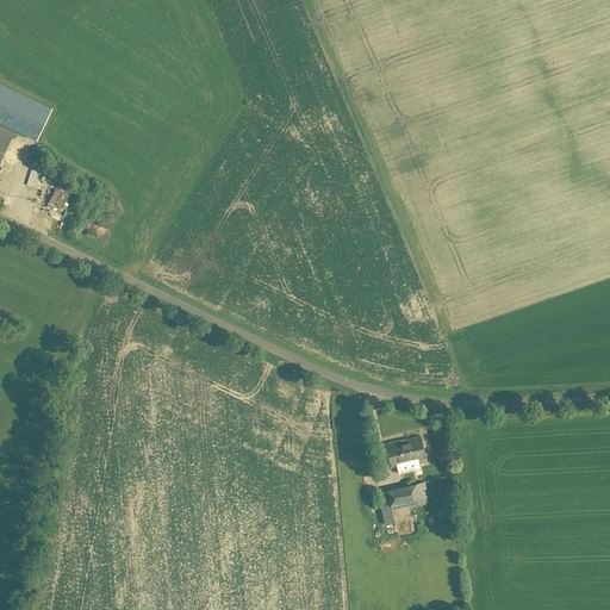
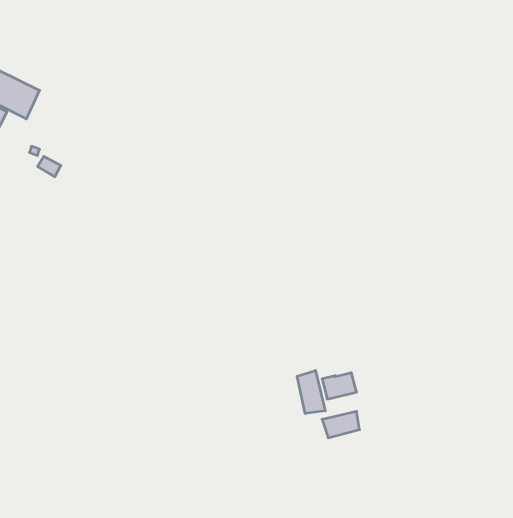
building: none -> [297,370,325,414]

